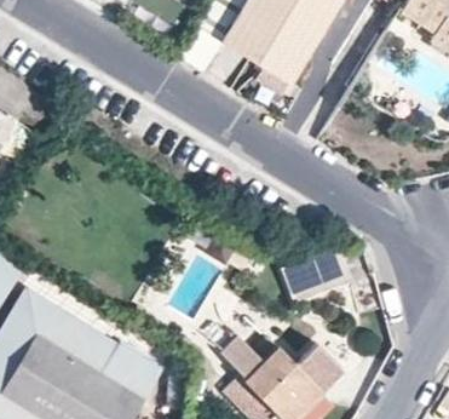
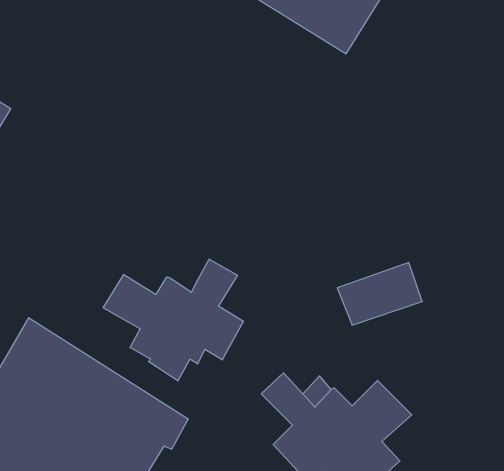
building: none -> [103,259,243,381]

